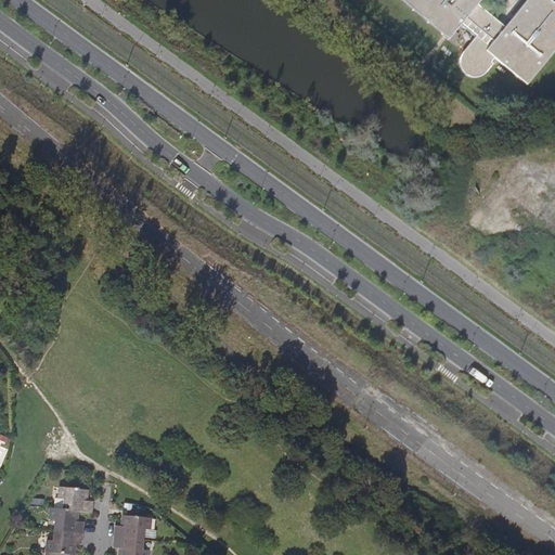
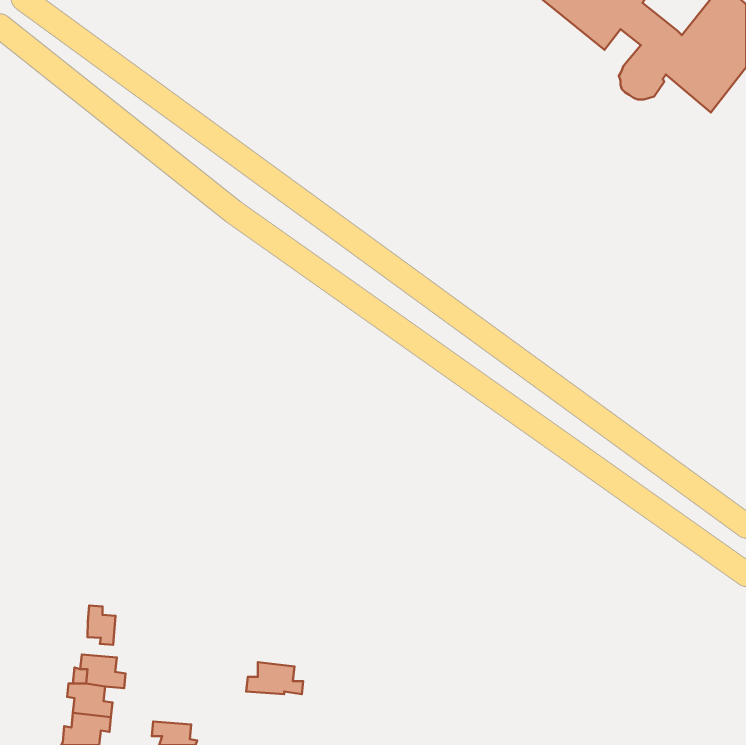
building: none -> [88,605,116,645]
building: [114,514,156,538] -> [246,662,303,694]

